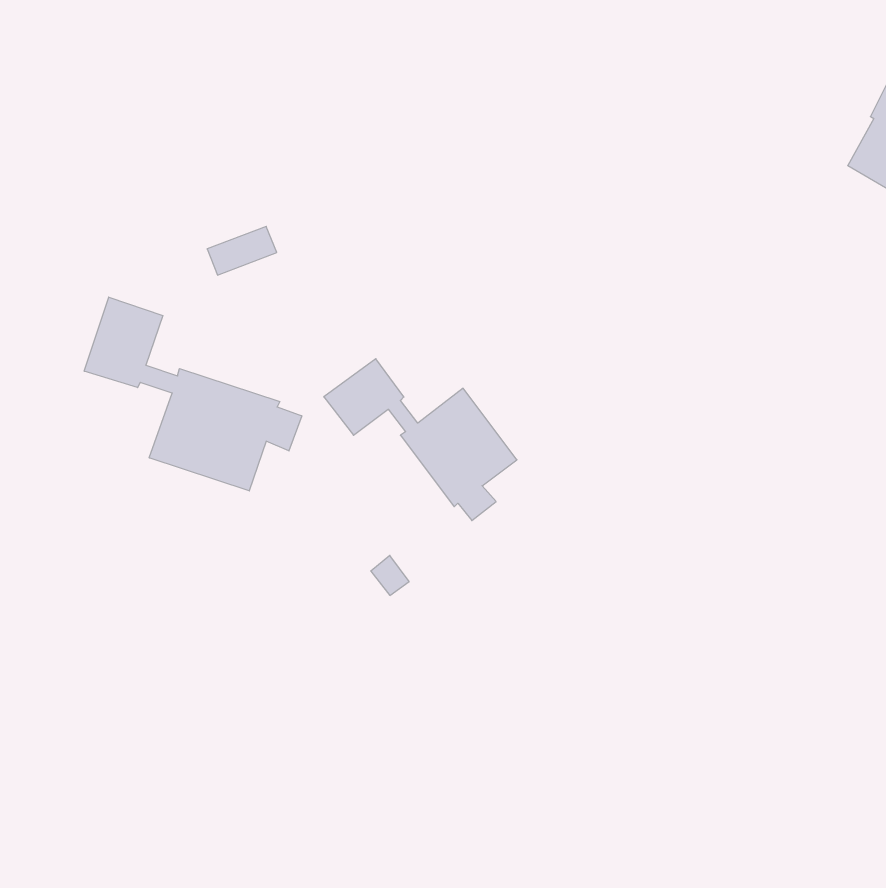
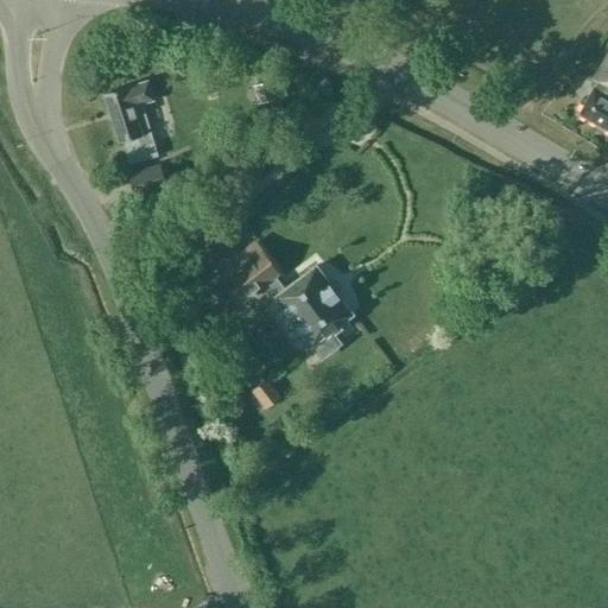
building: none -> [106,82,160,165]
building: [84,297,302,491] -> none

